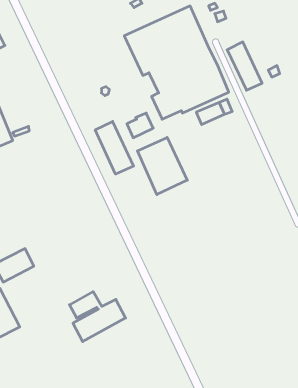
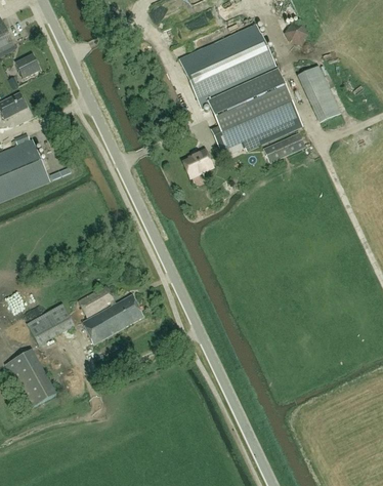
building: [95,121,134,174] -> none
building: [137,137,187,195] -> none
building: [69,292,126,342] -> [78,285,143,343]

